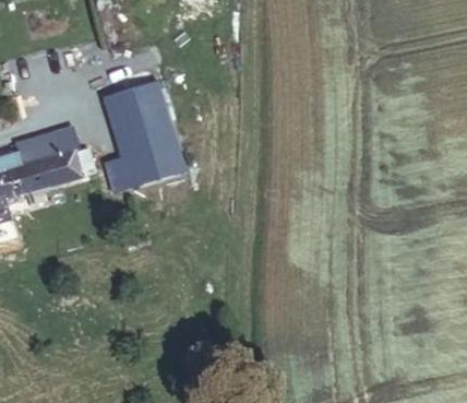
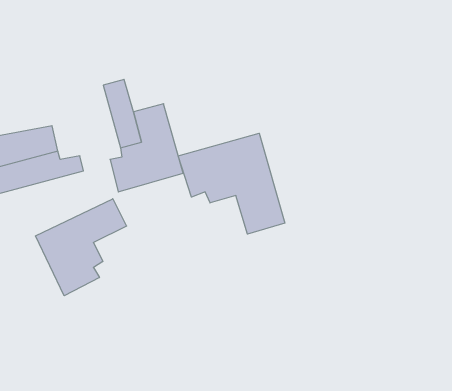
building: none -> [178,133,285,234]
building: none -> [36,199,127,296]

